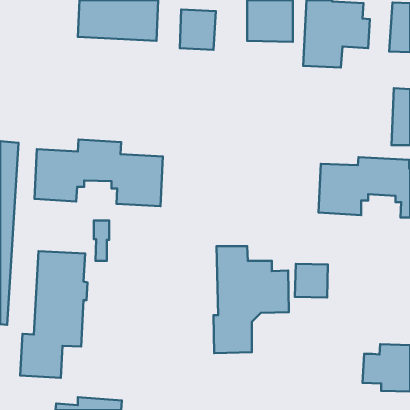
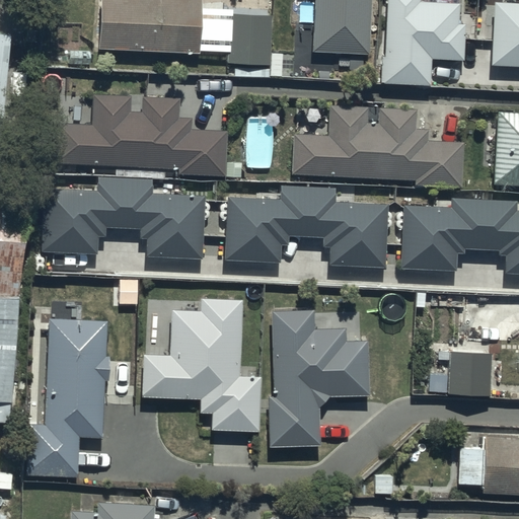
building: none -> [53,93,227,174]
building: none -> [292,105,462,184]
building: none -> [225,186,388,269]
building: none -> [143,299,257,430]
building: [295,264,328,298] -> [448,351,490,393]

